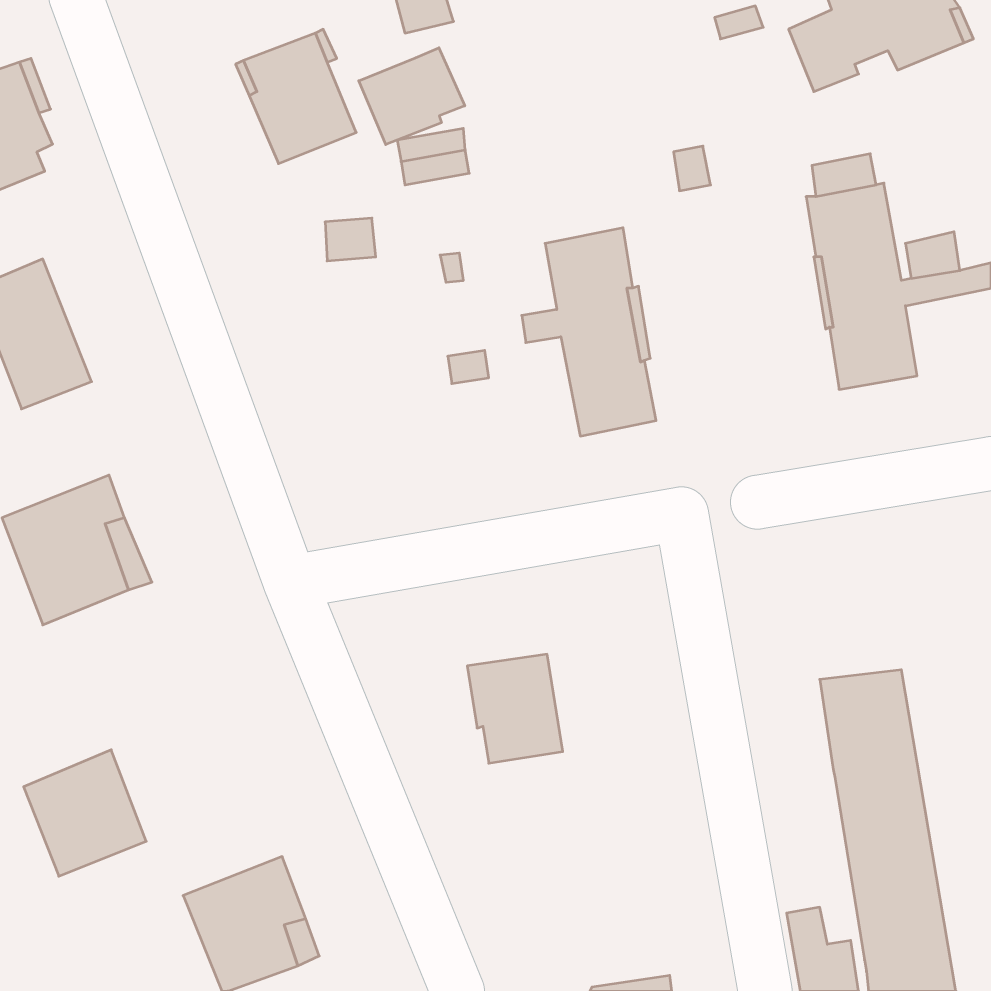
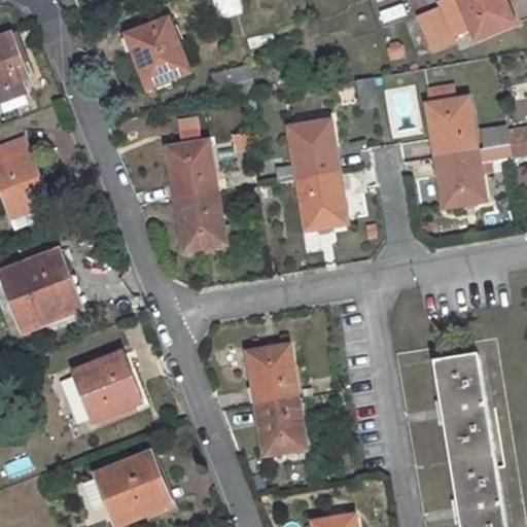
building: [359,48,465,145] -> none
building: none -> [167,139,225,249]
building: [24,750,146,876] -> [74,353,139,420]
building: none -> [258,397,307,455]

